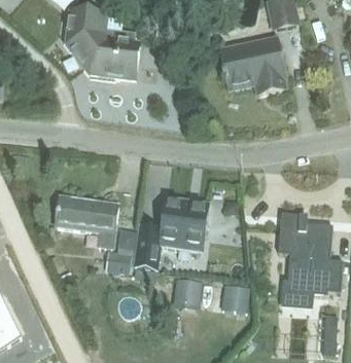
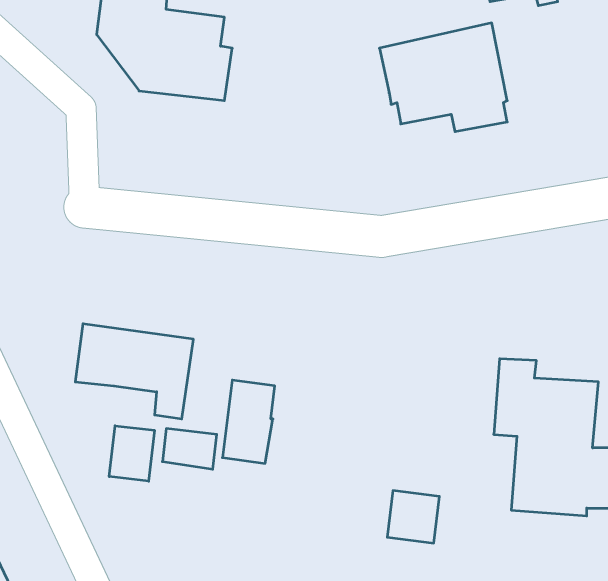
building: [159,197,208,252] -> none
building: none -> [109,426,154,481]
building: [172,280,201,311] -> none

